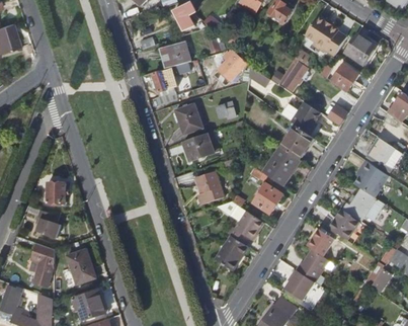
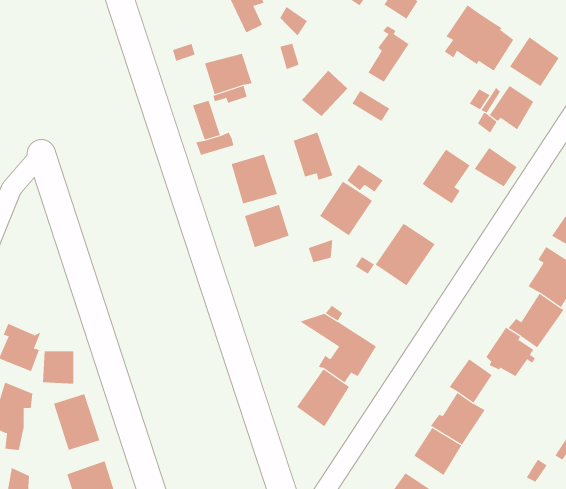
building: [281,59,307,93] -> [368,26,409,83]
building: [279,127,312,160] -> [319,181,373,236]
building: [194,171,223,205] -> none
building: [251,182,281,213] -> none
building: [46,183,65,203] -> [42,351,74,384]

